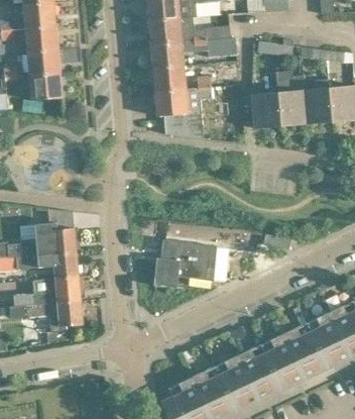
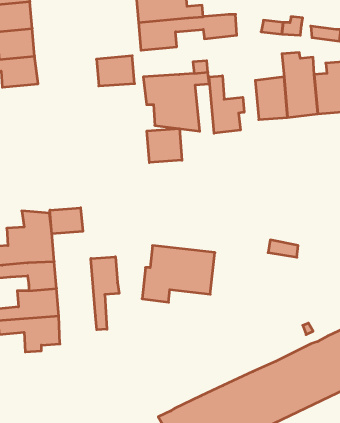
building: [152,66,186,92] -> [96,56,135,86]
building: none -> [209,76,244,133]
building: none -> [147,129,182,163]
building: none -> [50,208,83,234]
building: none -> [91,257,119,330]

